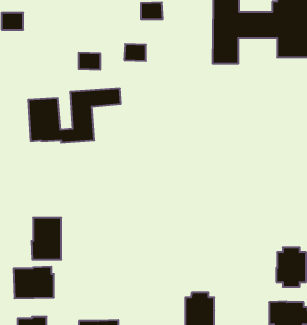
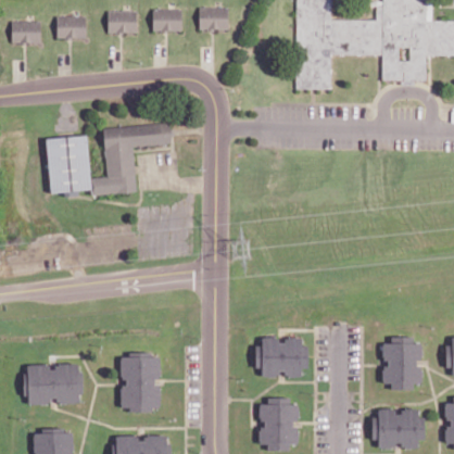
building: none -> [56,16,86,38]
building: [124,44,146,61] -> [152,9,181,31]
building: [79,53,100,70] -> [108,11,137,34]
building: [31,218,61,260] -> [119,354,160,411]
building: none -> [256,337,307,377]

